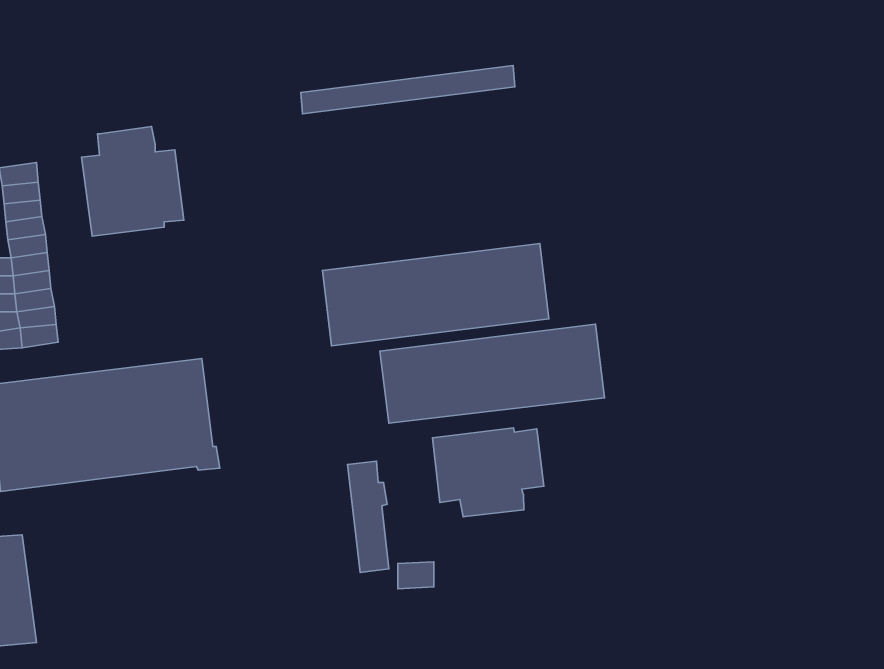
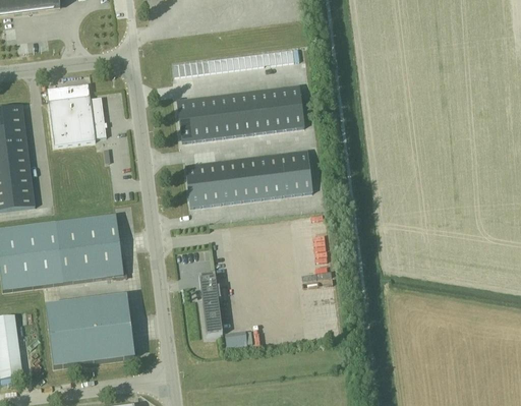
building: [380,324,605,423] -> [176,84,303,140]
building: [433,428,544,517] -> none
building: none -> [46,296,133,366]

